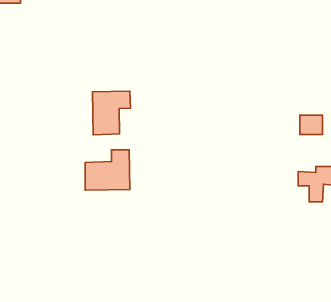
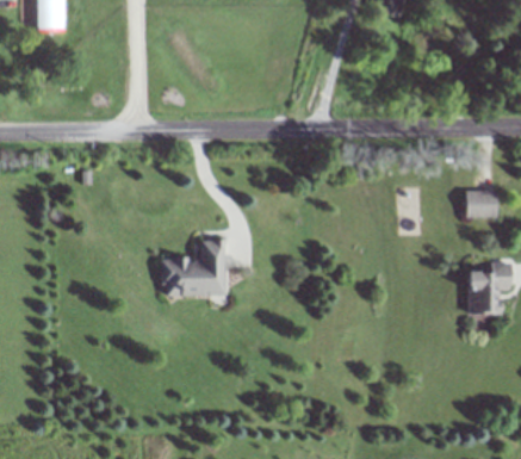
building: [92,91,130,135] -> none

